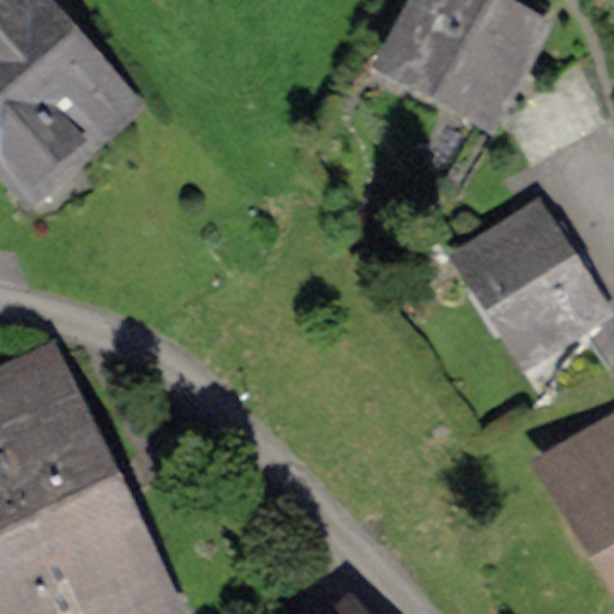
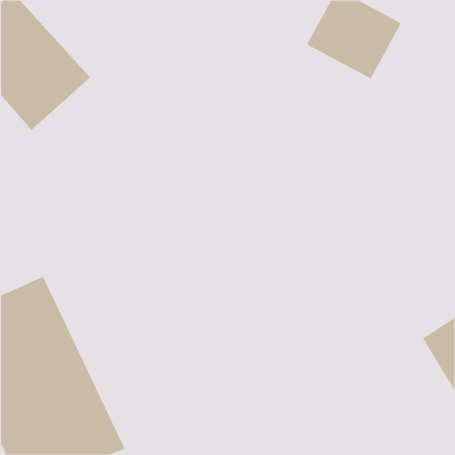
building: [487,219,604,349] -> none

